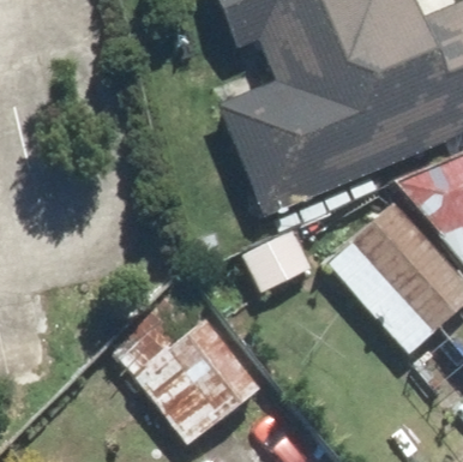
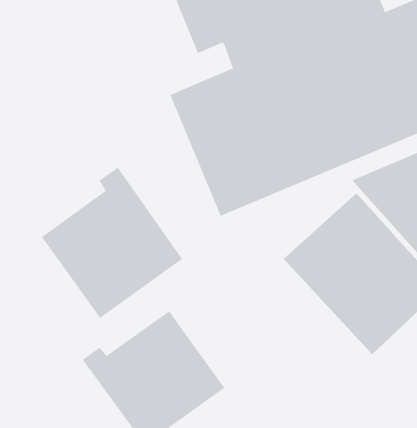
building: none -> [41,167,183,319]

